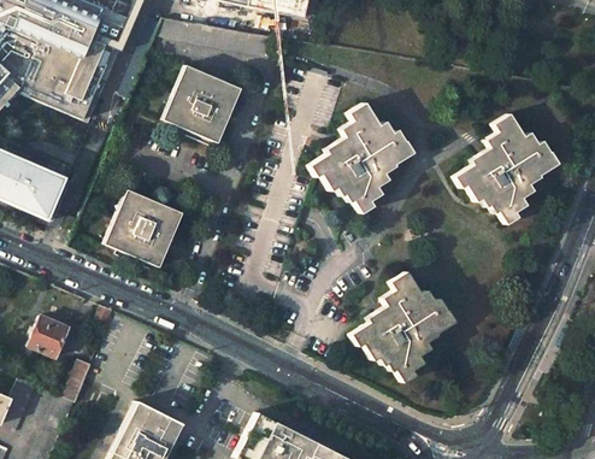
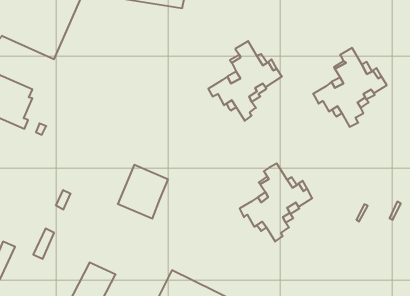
building: [165,66,236,141] -> none
building: [107,192,177,266] -> [118,165,168,219]
building: [28,317,69,359] -> none

